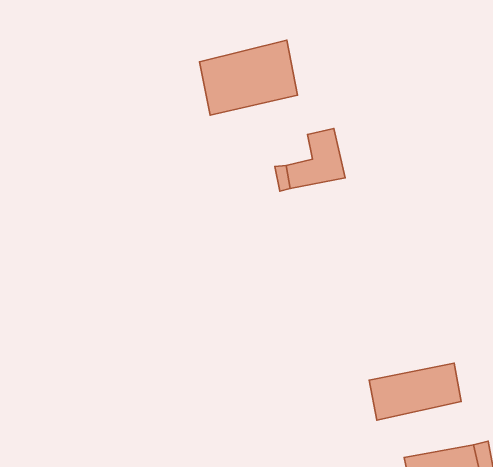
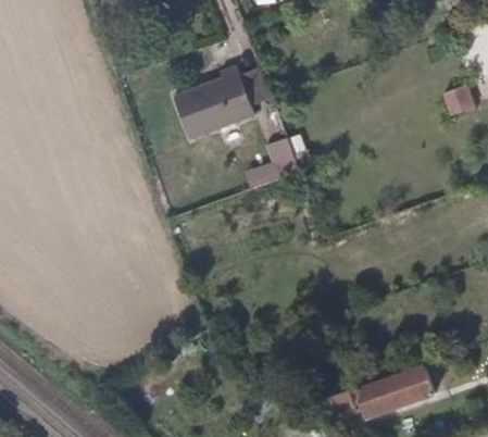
building: [369,363,461,420] -> none

